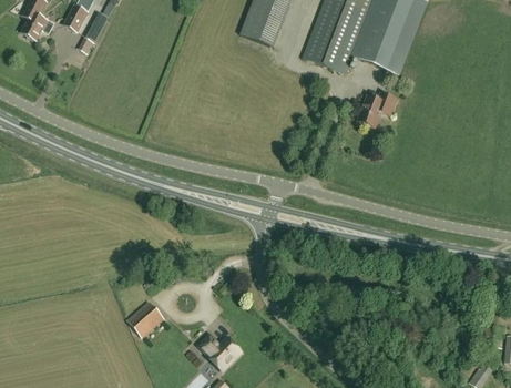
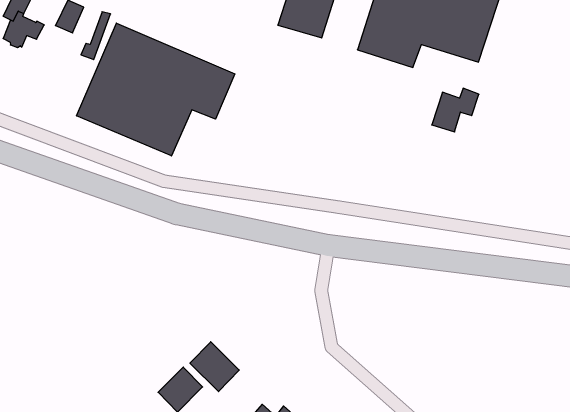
building: none -> [77,23,235,156]
building: none -> [190,342,239,392]

